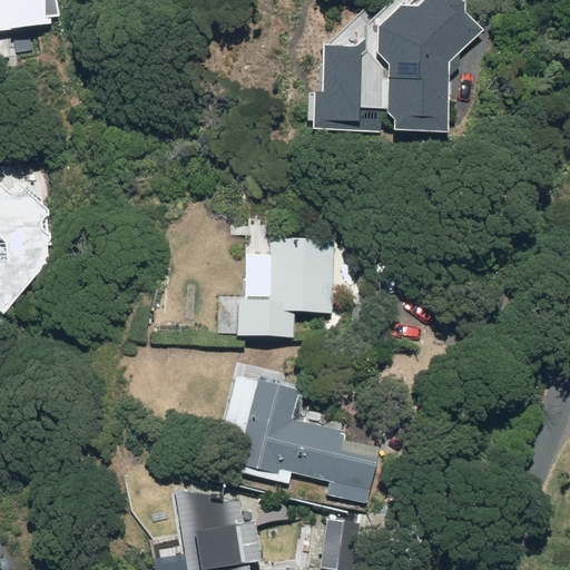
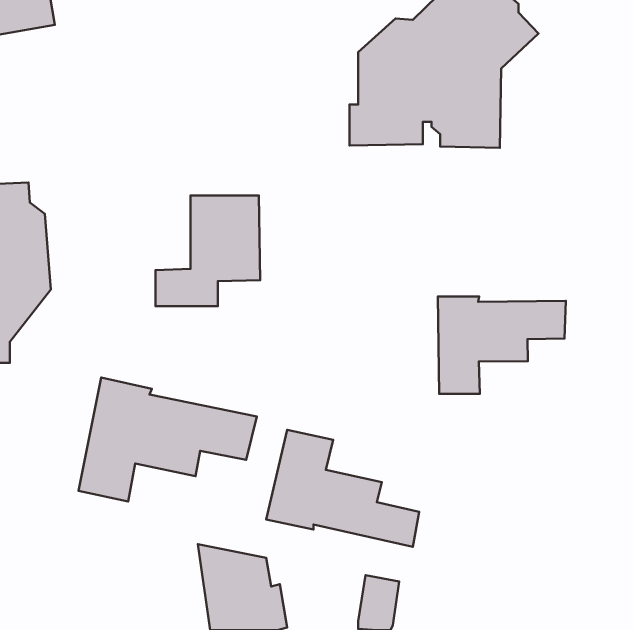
building: [237,237,331,336] -> [156,196,260,306]
building: none -> [438,296,566,394]
building: none -> [79,378,257,501]

